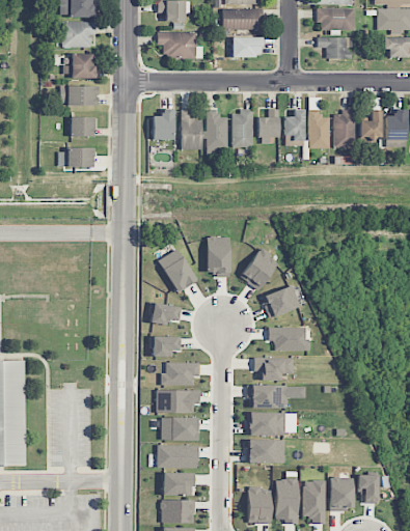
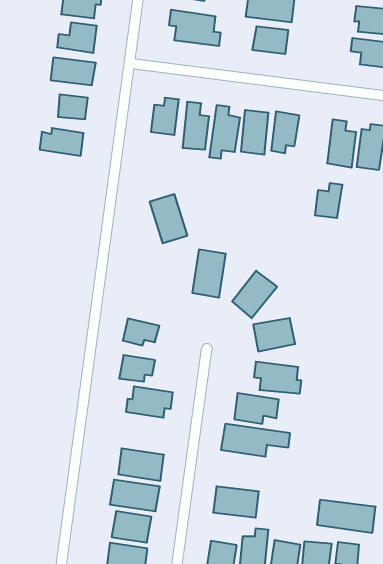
building: [284,109,305,138] -> [315,183,343,218]
building: [159,248,195,291] -> [150,194,187,243]
building: [157,389,199,412] -> none
building: [247,412,296,435] -> [317,500,376,533]

